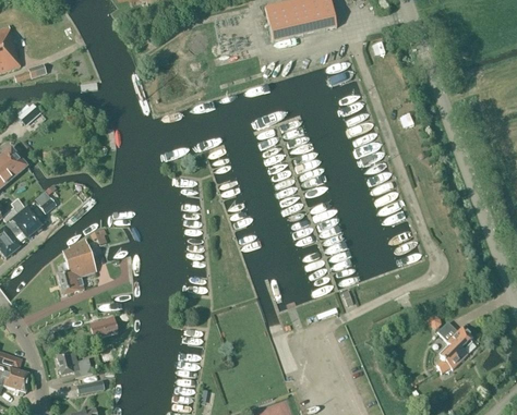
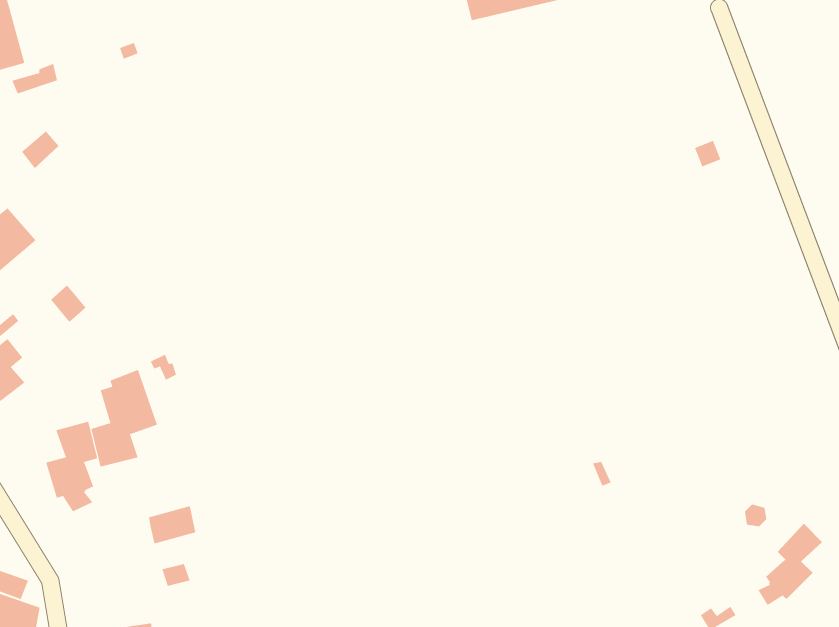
building: [10,205,40,235] -> none
building: none -> [46,421,98,512]
building: [56,350,92,377] -> none

